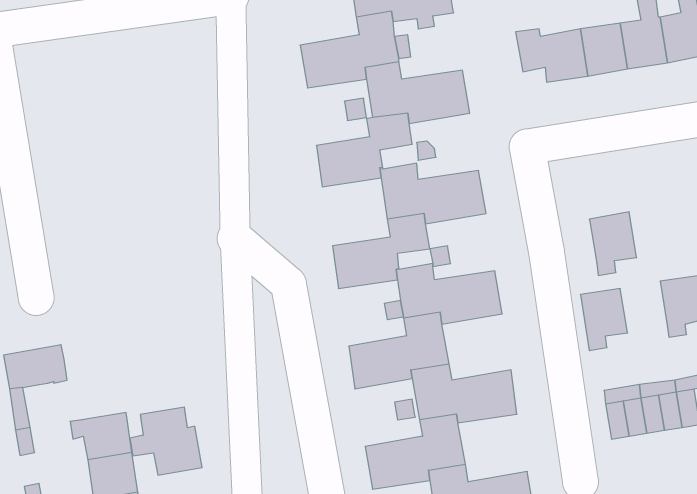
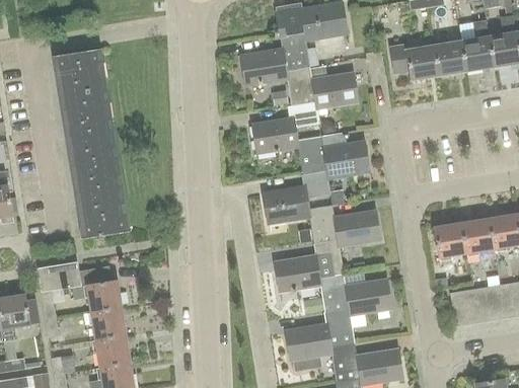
building: none -> [52,48,131,238]
building: [589,212,637,275] -> [461,217,494,260]
building: [130,407,202,475] -> [72,265,122,312]

